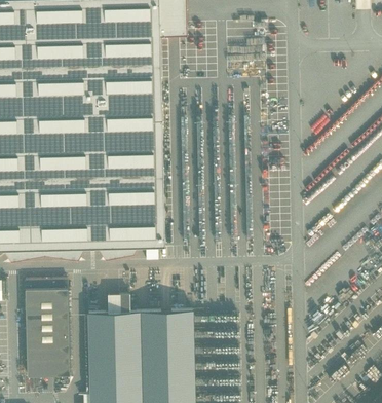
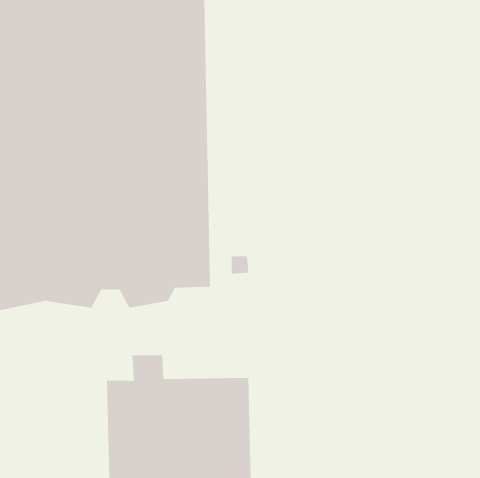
building: [25,279,70,376] -> none

